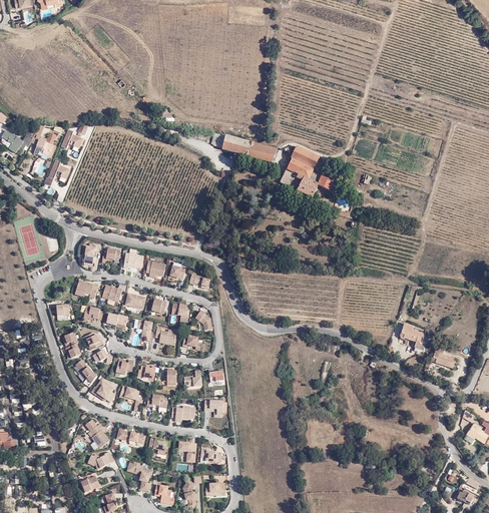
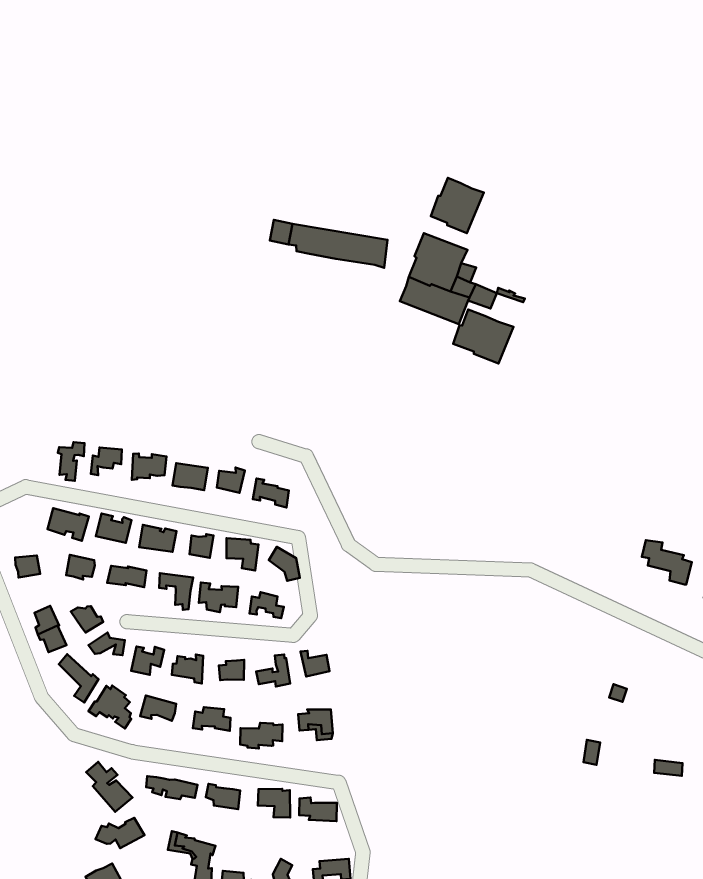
building: none -> [431,178,484,233]
building: none -> [453,309,513,363]

